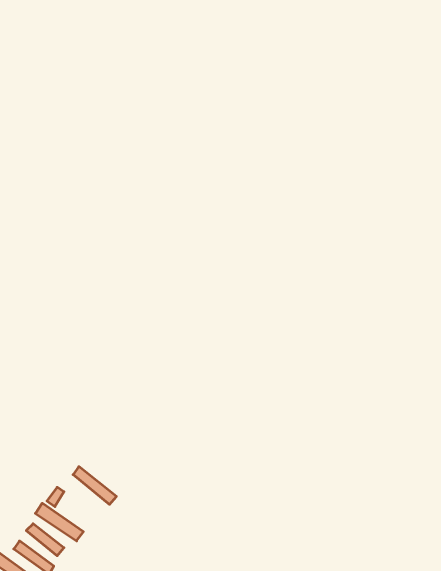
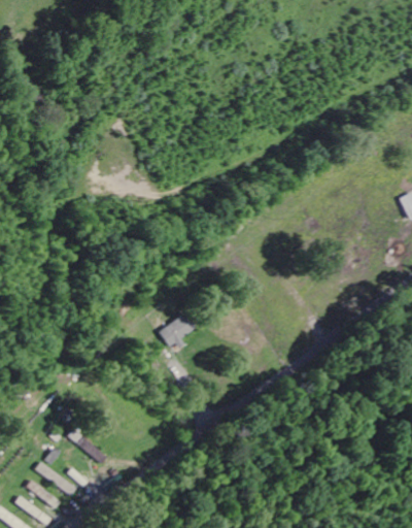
building: none -> [159,311,198,346]

